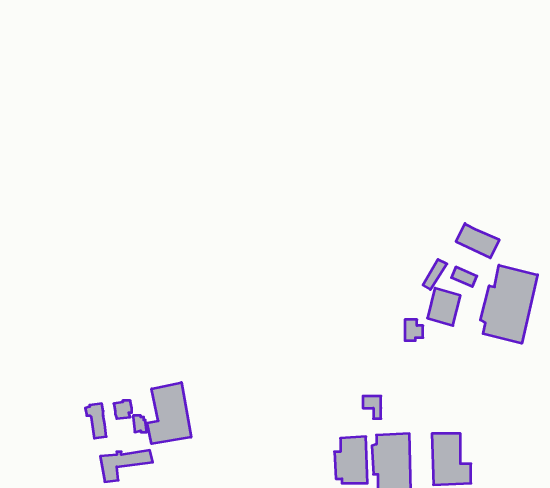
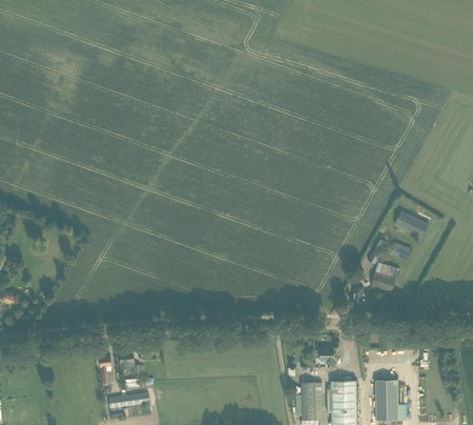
building: [480,265,538,343] -> none
building: [147,382,191,444] -> none

